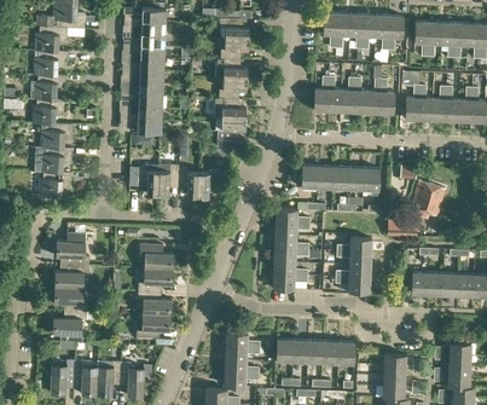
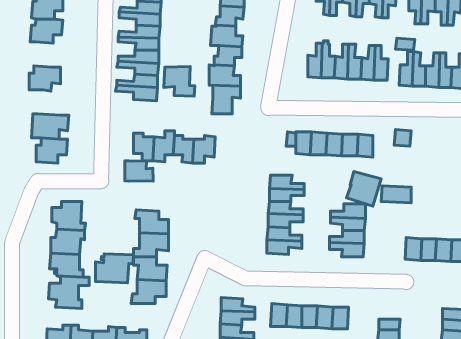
building: [34,75,65,100] -> none
building: none -> [164,67,195,96]
building: [41,123,73,149] -> none
building: [411,180,446,215] -> [346,171,381,206]
building: none -> [125,161,153,181]
building: none -> [95,254,134,283]

